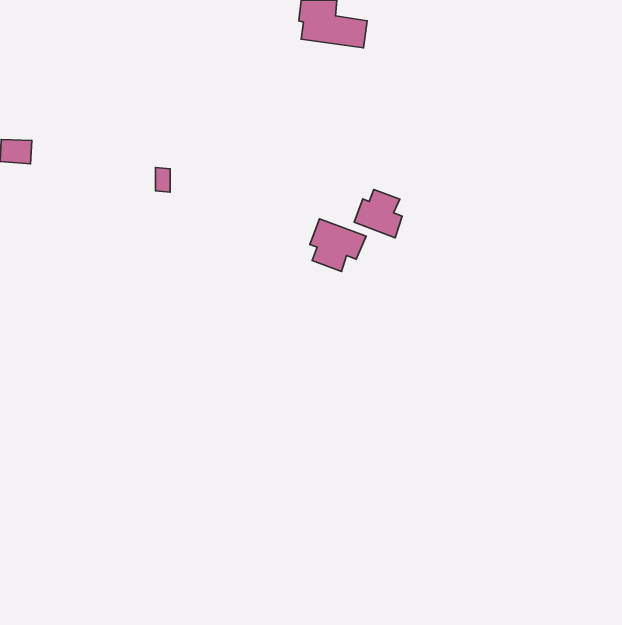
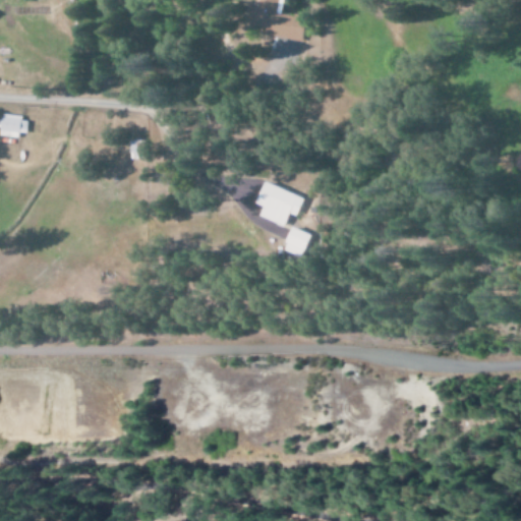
building: [354,190,402,238] -> none
building: none -> [282,227,309,257]

